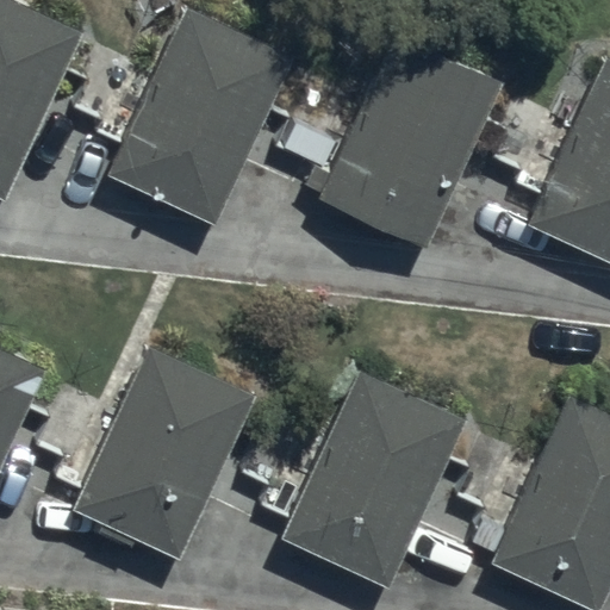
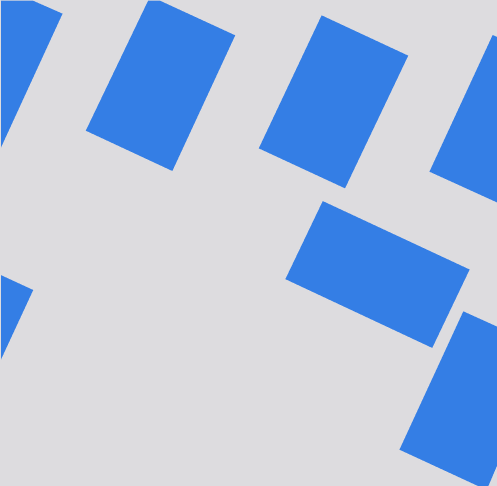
building: none -> [285,200,471,349]
building: [74,347,254,559] -> none
building: [280,372,463,589] -> none

